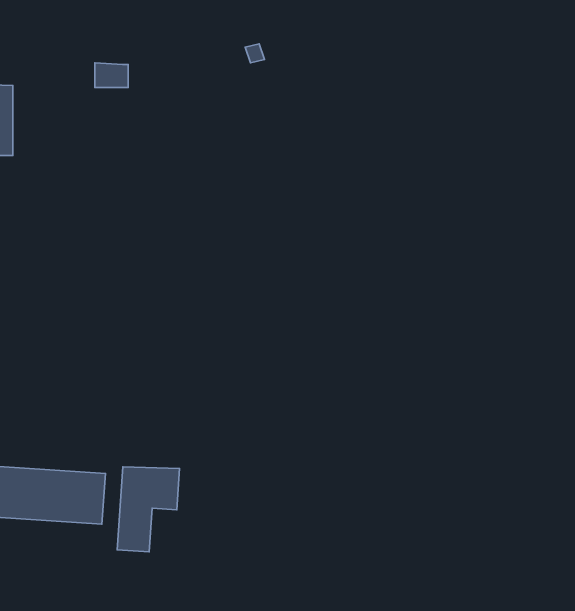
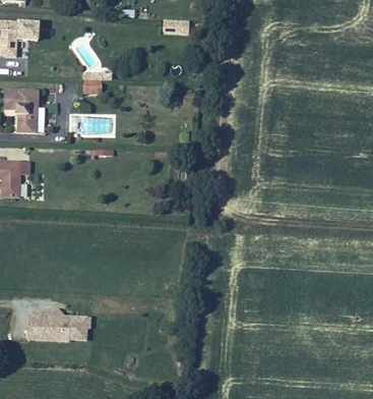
building: [117,467,180,552] -> none

